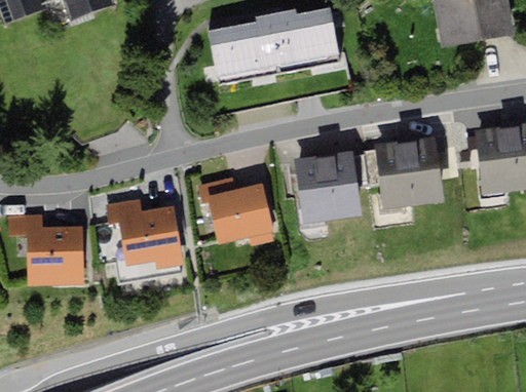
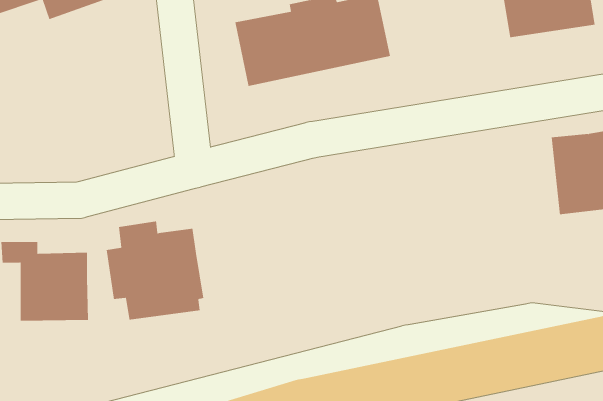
building: [363,138,445,213] -> none
building: [294,151,359,226] -> none
building: [197,178,272,243] -> none

